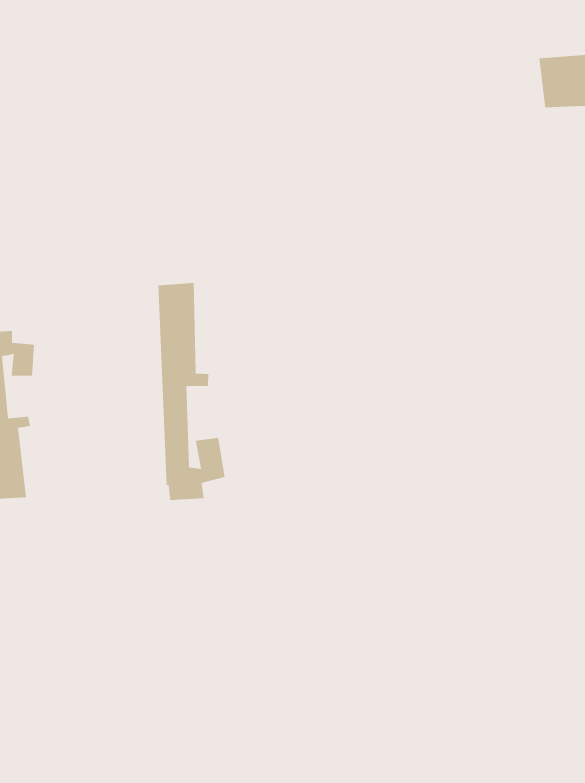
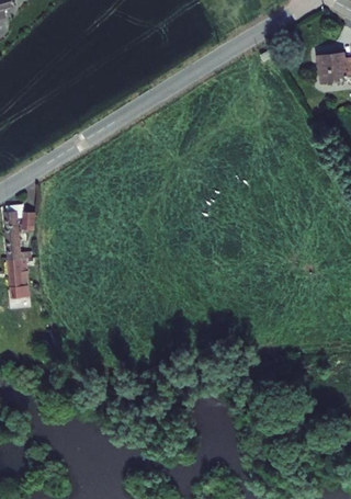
building: [158,282,225,501] -> none

